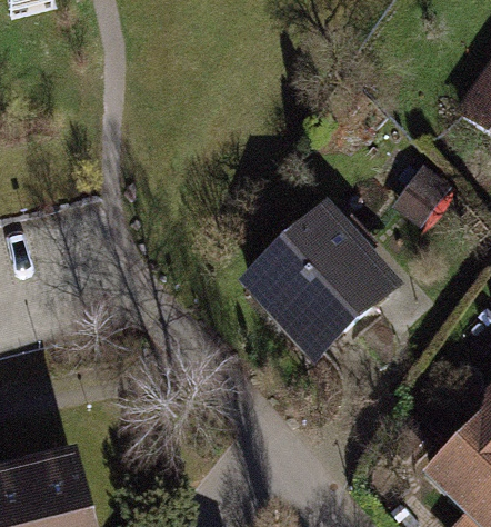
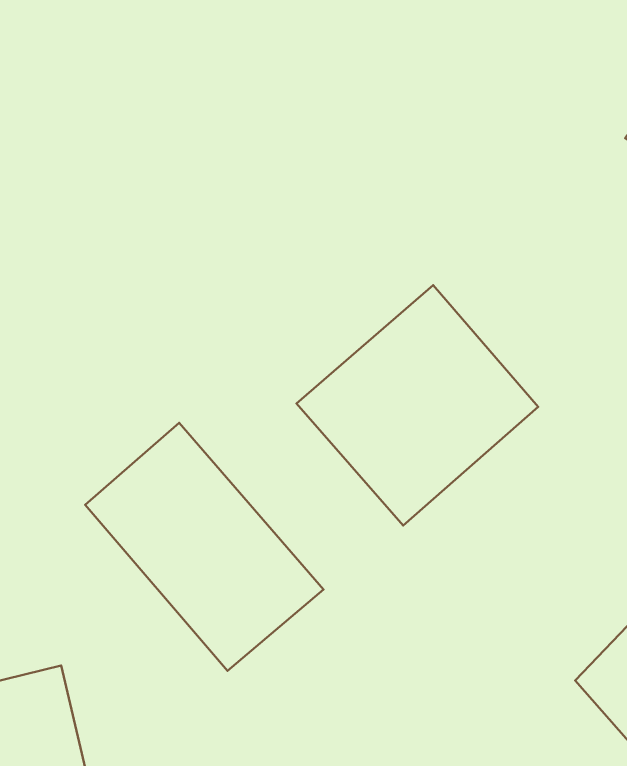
building: none -> [85,423,323,671]

